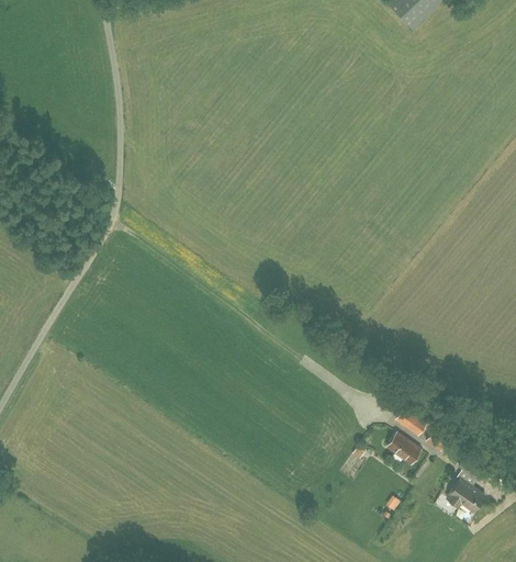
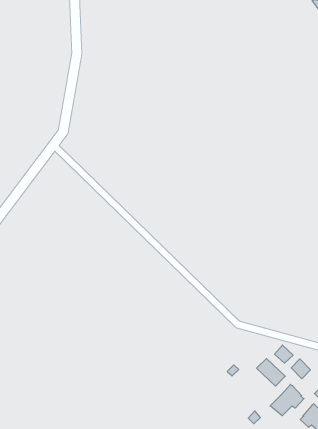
building: none -> [270,384,304,416]

